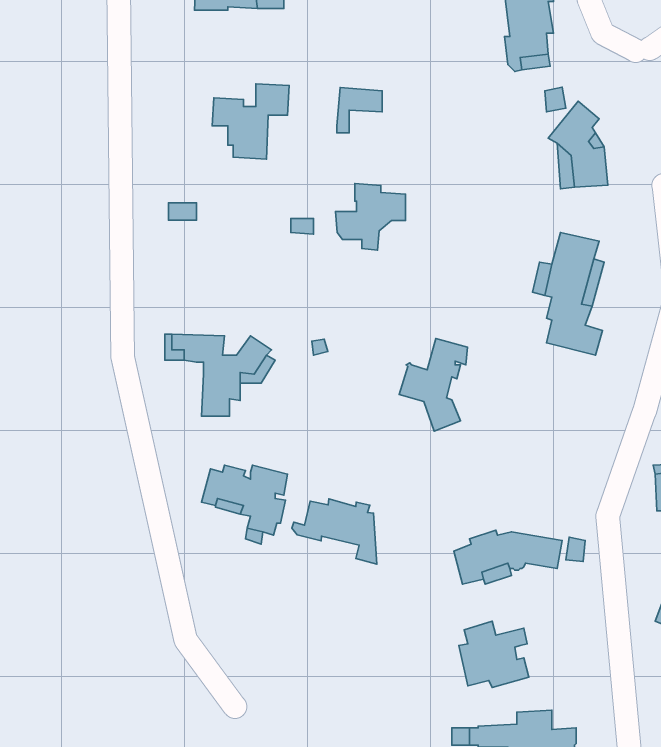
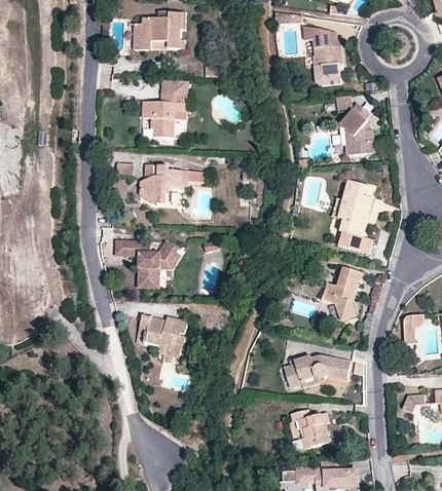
building: [337,87,382,133] -> [161,79,188,106]
building: [335,184,405,250] -> [142,164,183,203]
building: [399,338,467,431] -> [321,266,361,320]
building: [292,499,377,564] -> none

